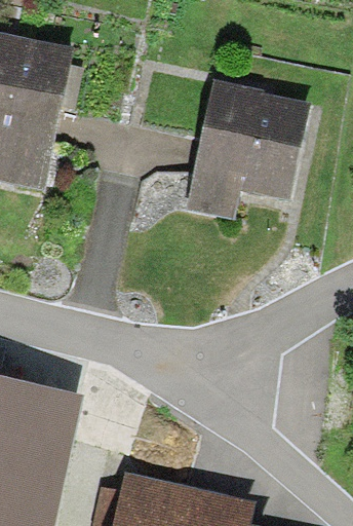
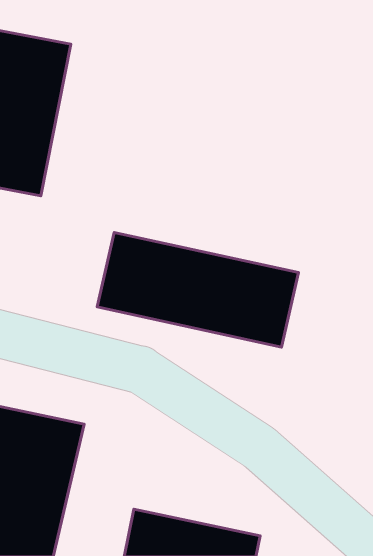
building: [186,81,307,219] -> none
building: none -> [97,233,298,347]

